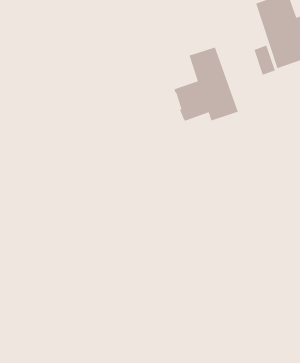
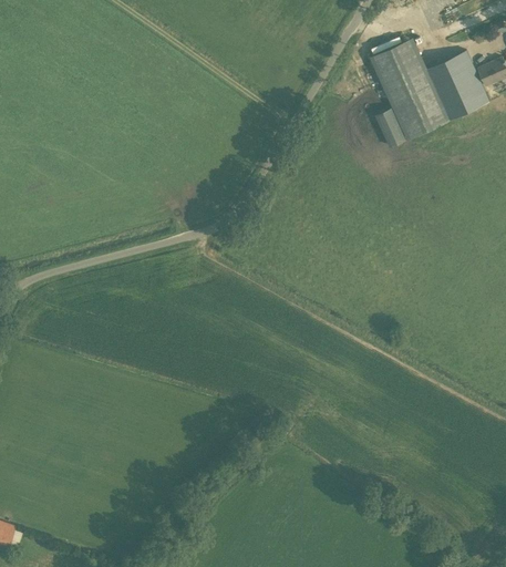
building: [174,46,239,122] -> none

